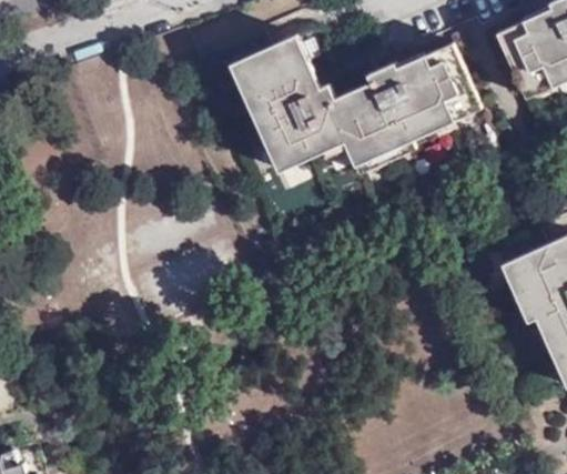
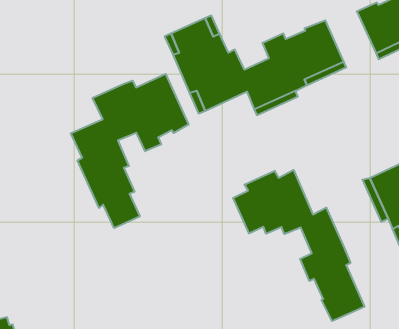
building: none -> [71,74,188,228]
building: none -> [233,170,364,321]

